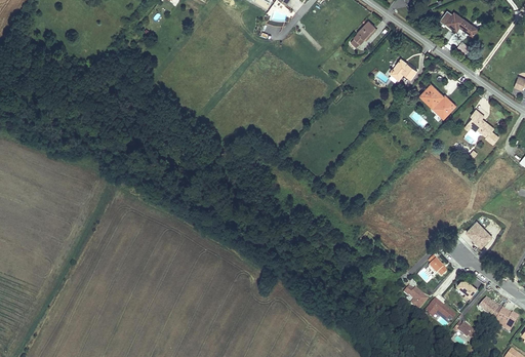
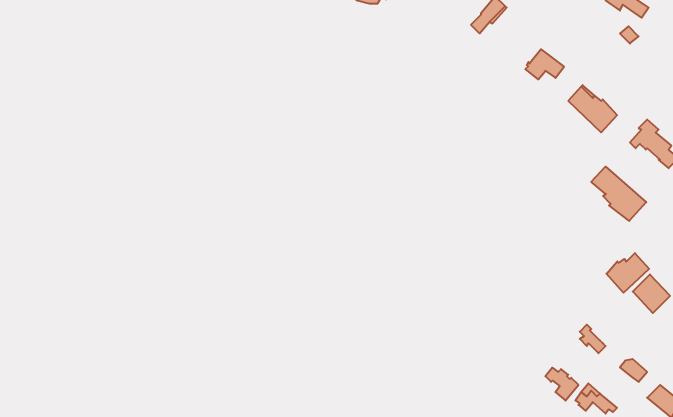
building: none -> [591,167,646,221]
building: none -> [606,253,649,293]

